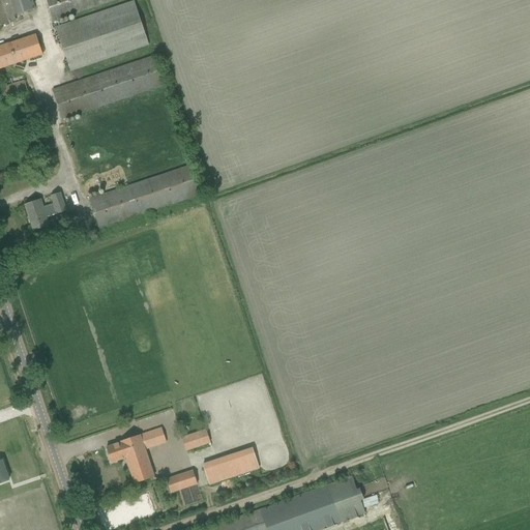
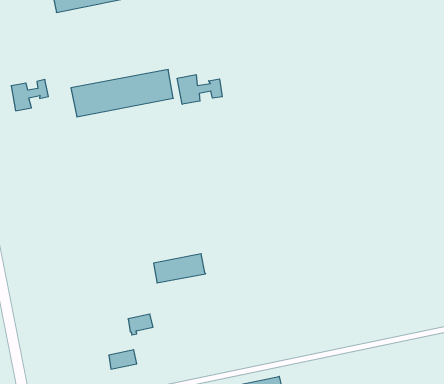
building: none -> [177,75,222,104]
building: [106,426,166,482] -> none
building: [202,447,259,484] -> [154,254,206,283]

